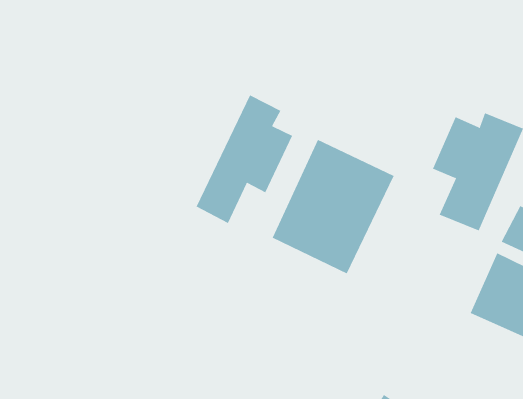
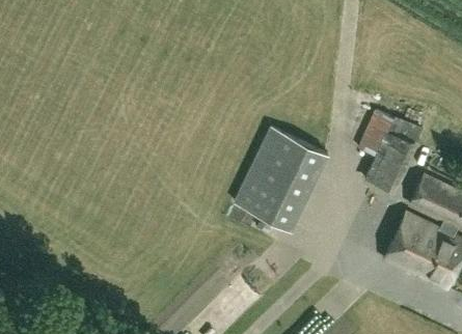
building: [196,94,293,224] -> none

